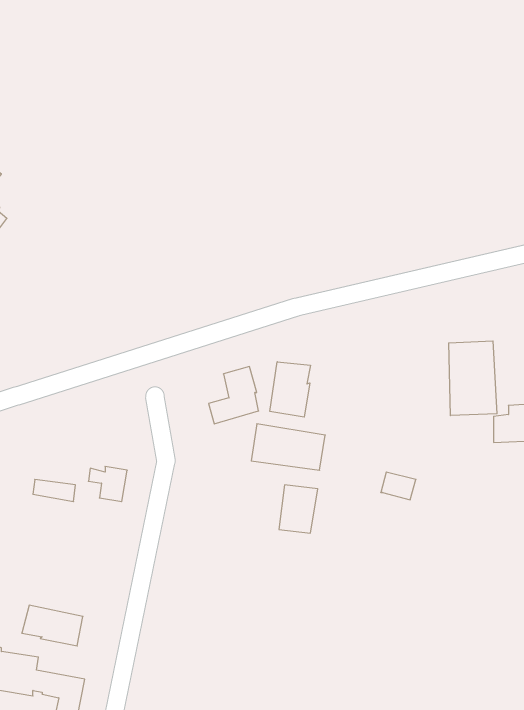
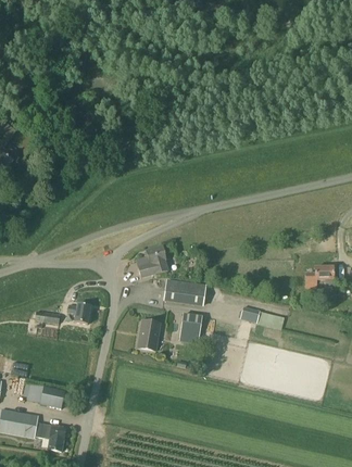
building: [449,341,497,416] -> none
building: [270,362,310,417] -> none
building: none -> [137,320,161,351]

